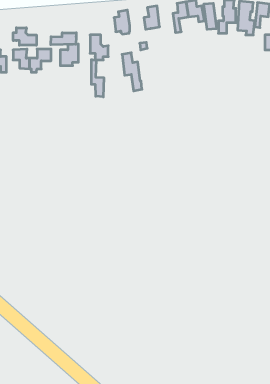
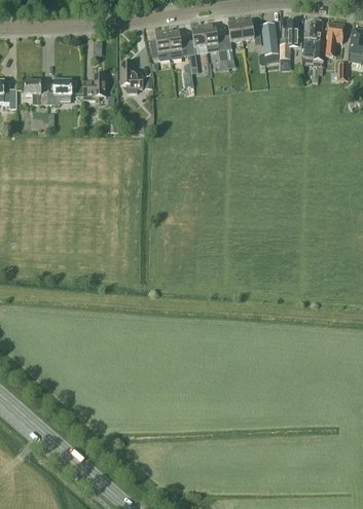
building: none -> [168,29,190,59]
building: [13,28,36,45] -> none
building: [51,33,76,45] -> none
building: [122,53,142,91] -> [205,24,229,71]
building: [91,60,104,97] -> none

